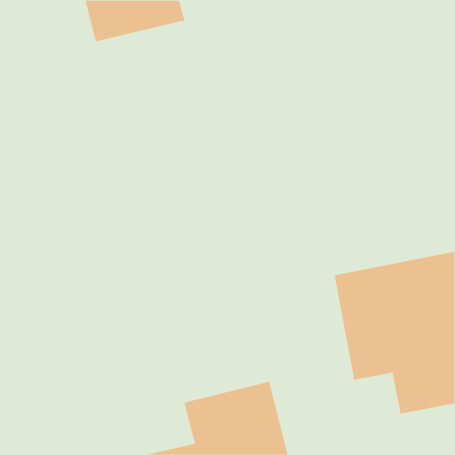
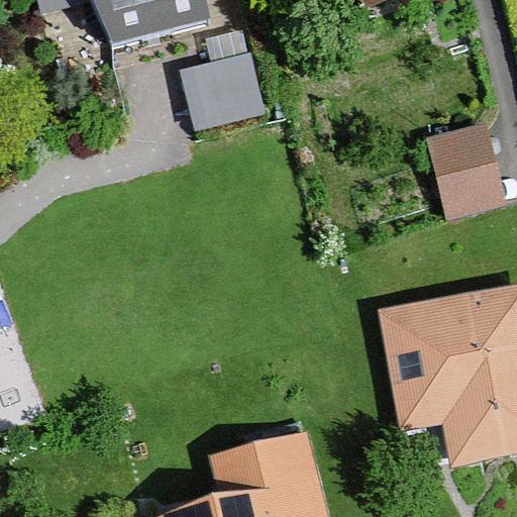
building: none -> [183,20,267,118]
building: none -> [431,133,502,221]

